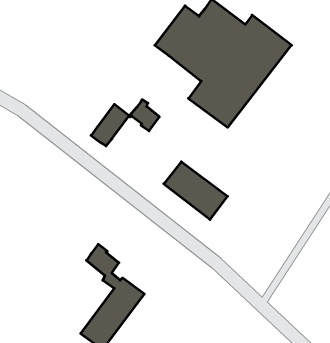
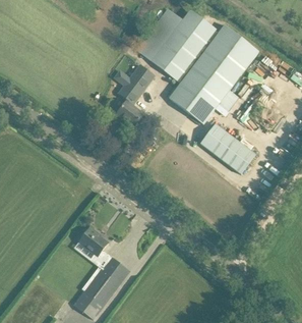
building: [91,104,129,146] -> [120,66,154,103]
building: [164,162,228,220] -> [200,124,256,175]

